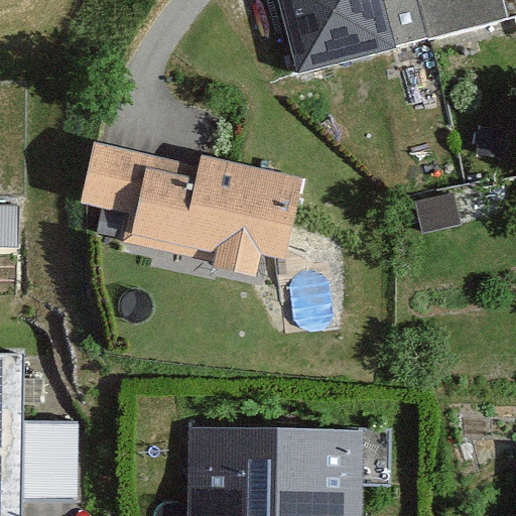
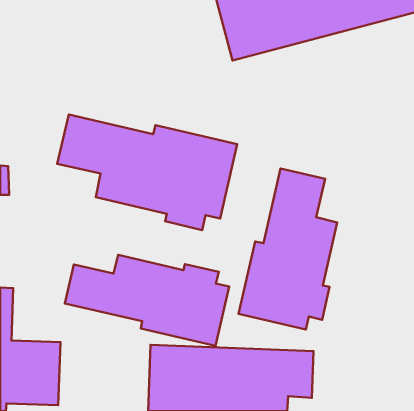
building: none -> [239,169,337,329]
building: none -> [65,255,229,346]

